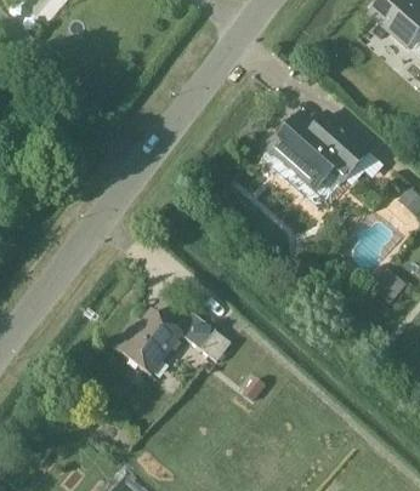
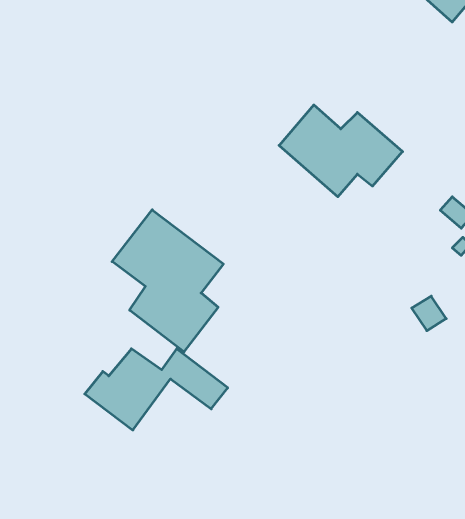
building: none -> [112,210,223,352]

